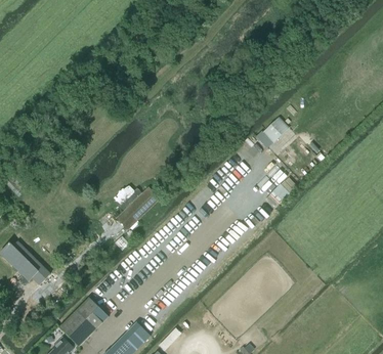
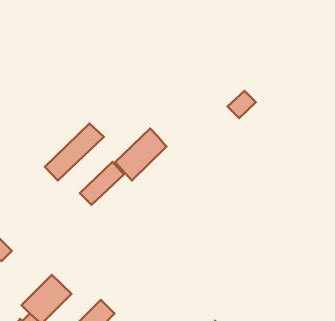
building: none -> [45,123,104,180]
building: none -> [115,128,167,180]

